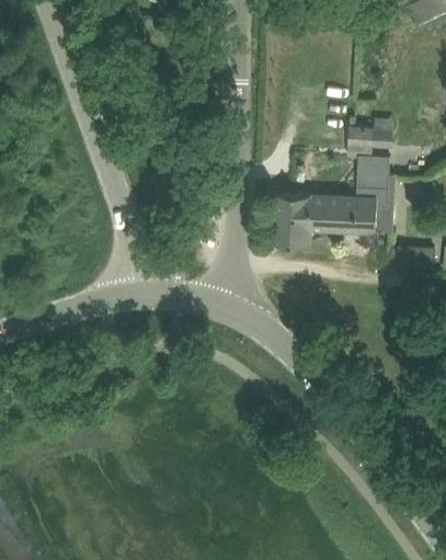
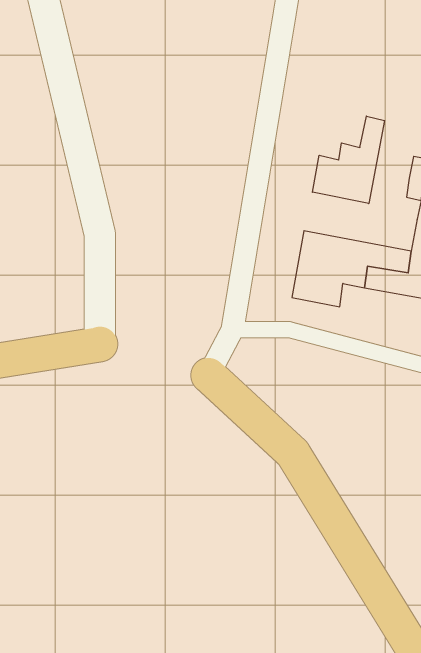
building: none -> [312,116,385,204]

